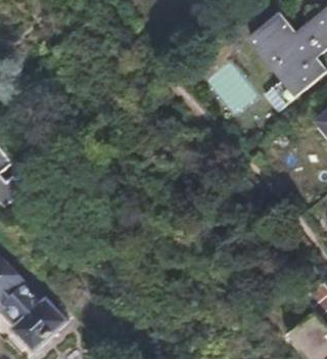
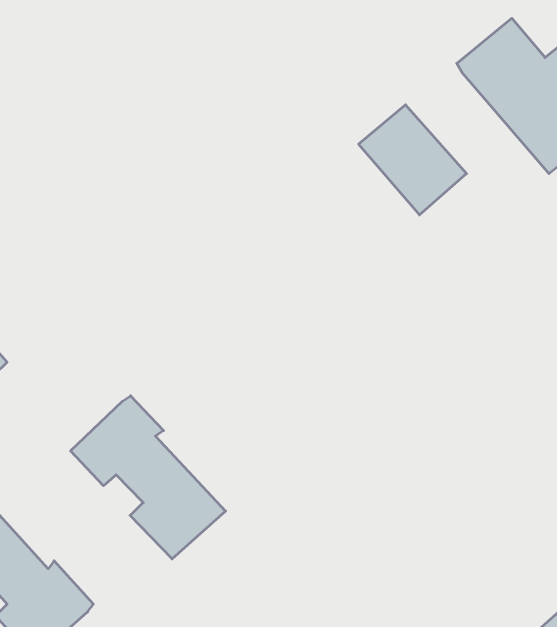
building: none -> [71,396,226,559]

